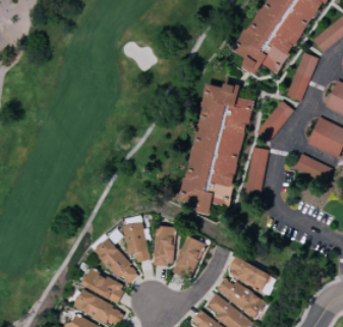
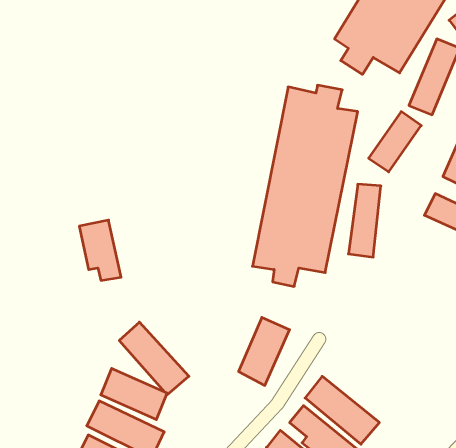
building: [122,222,150,262] -> [79,220,121,280]
building: [154,226,175,266] -> none
building: [227,257,271,292] -> none

